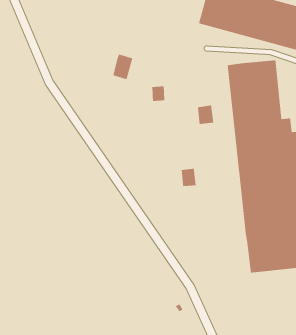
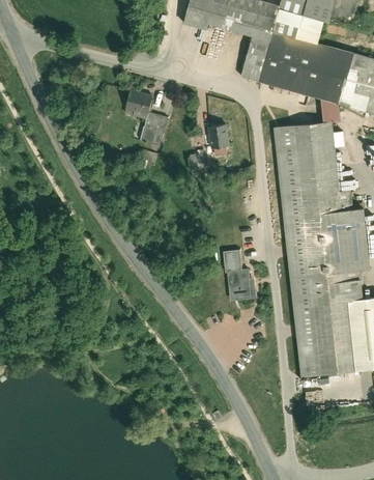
building: none -> [121,90,149,118]
building: [197,105,214,125] -> [205,124,226,148]
building: none -> [224,270,252,301]

